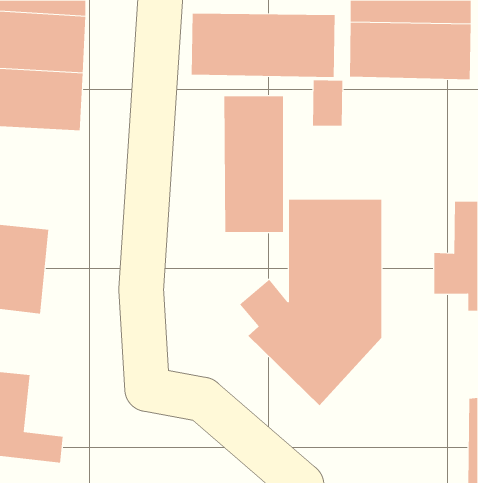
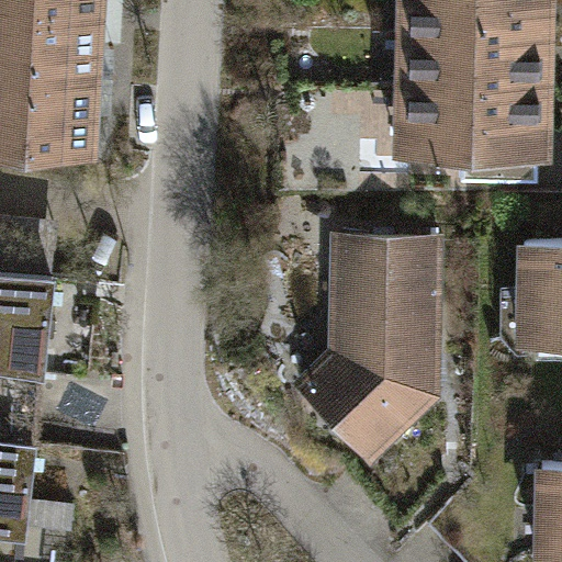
building: [191,13,335,78] -> none
building: none -> [403,91,544,158]
building: [224,95,284,233] -> none

